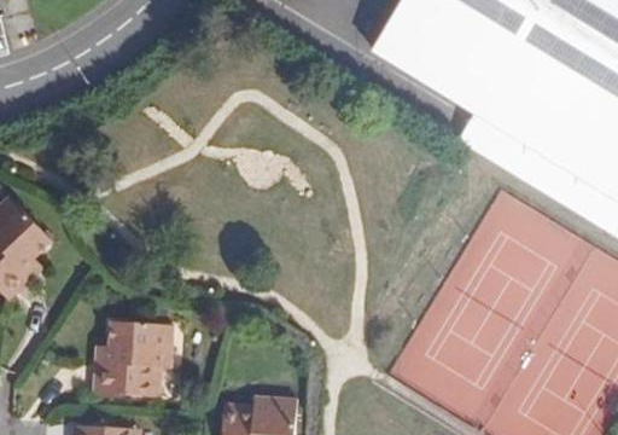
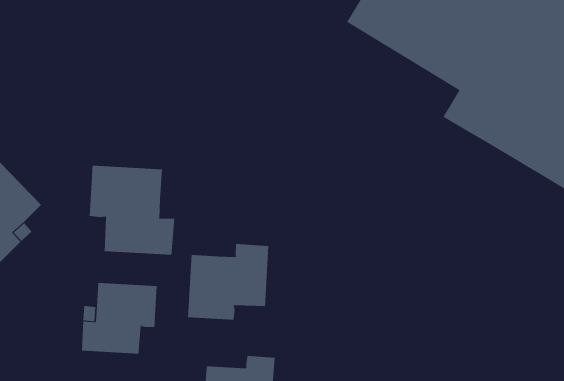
building: none -> [89,165,175,256]
building: none -> [188,243,269,321]

